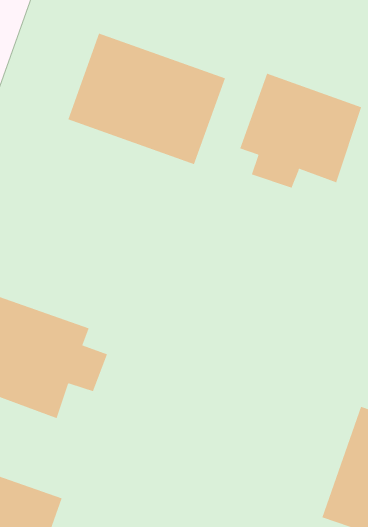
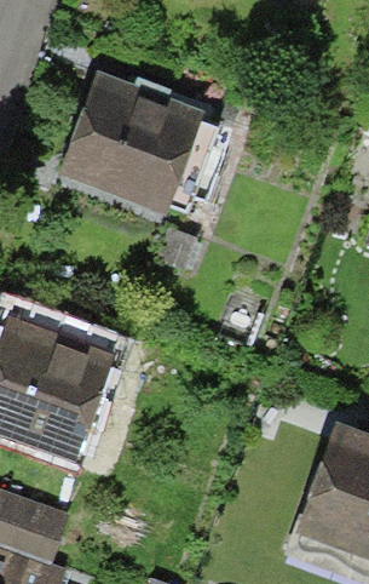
building: [239,73,362,189] -> none

